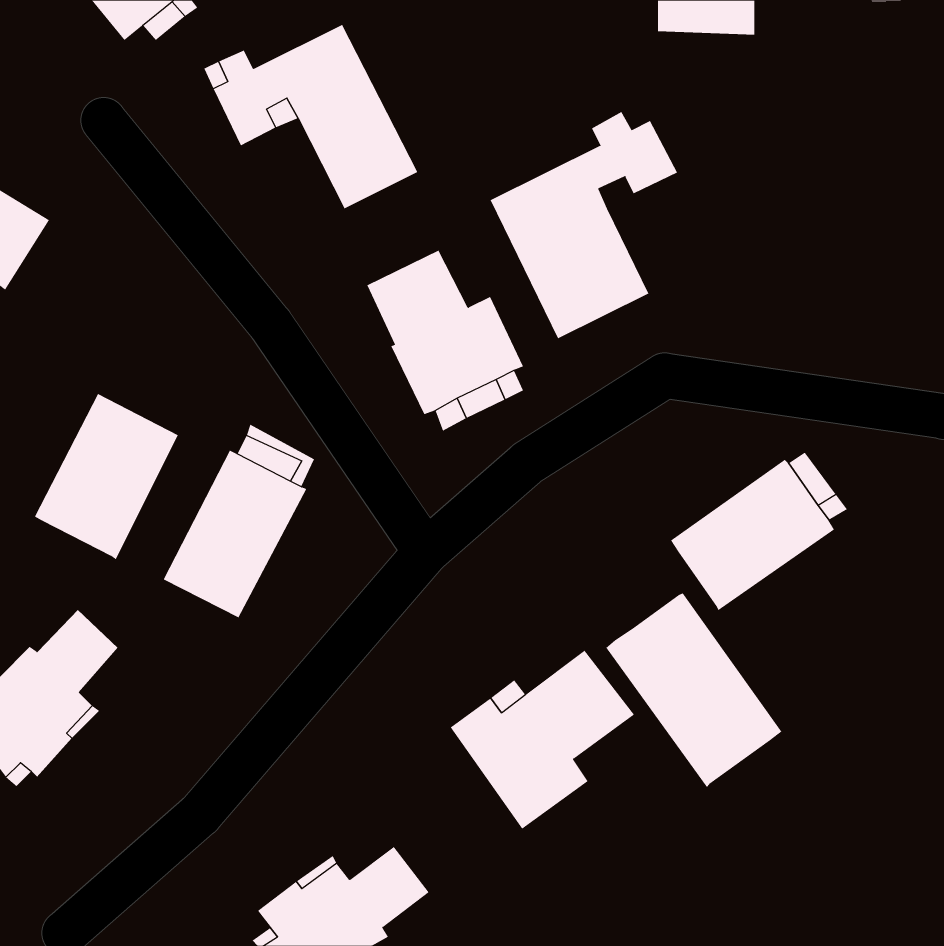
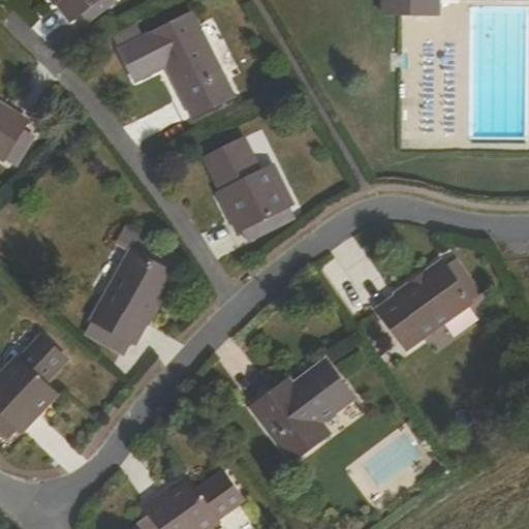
building: [490,111,678,339] -> none
building: [34,393,178,560] -> none
building: [605,592,782,788] -> none

